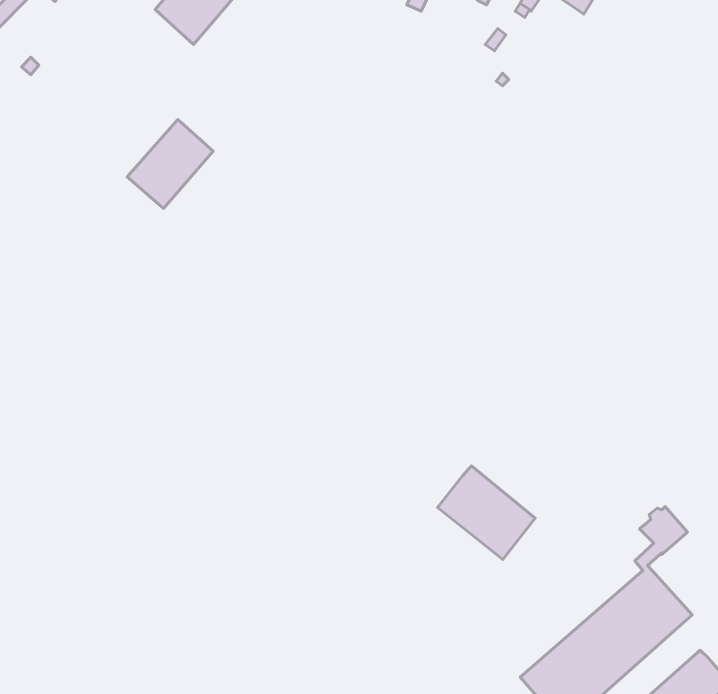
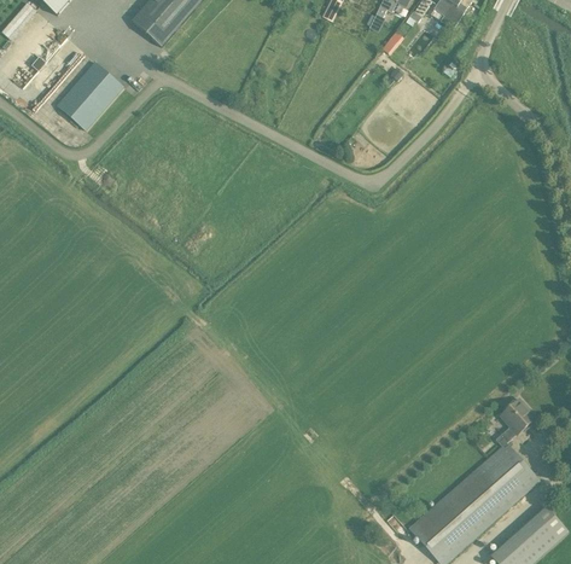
building: [127,119,213,209] -> [58,62,123,129]
building: [437,466,535,559] -> none

